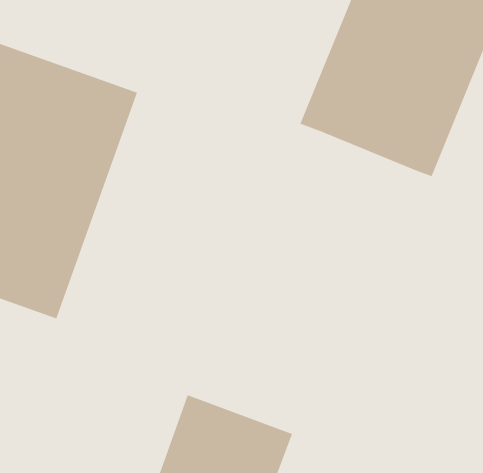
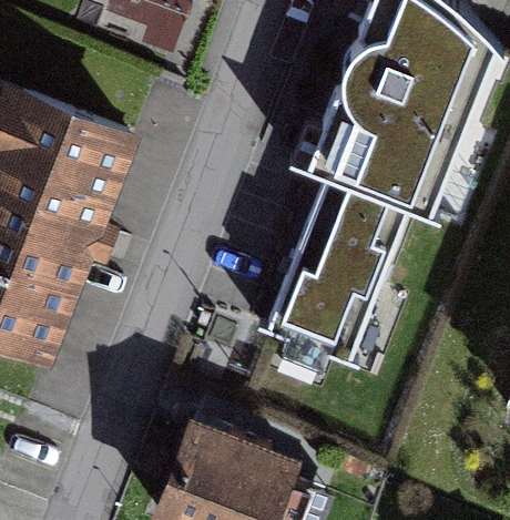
building: none -> [257,174,416,371]

